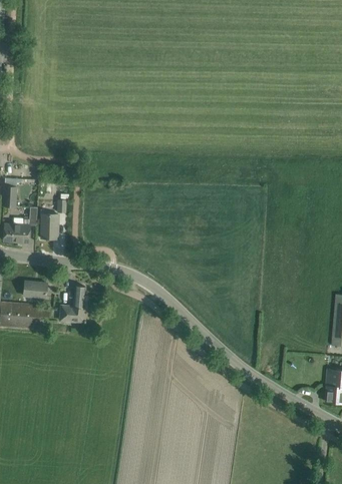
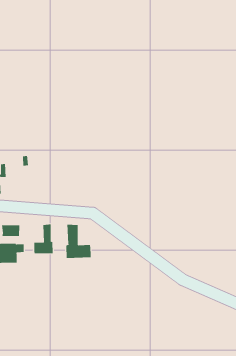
building: [40,213,57,239] -> none
building: none -> [66,224,91,259]

